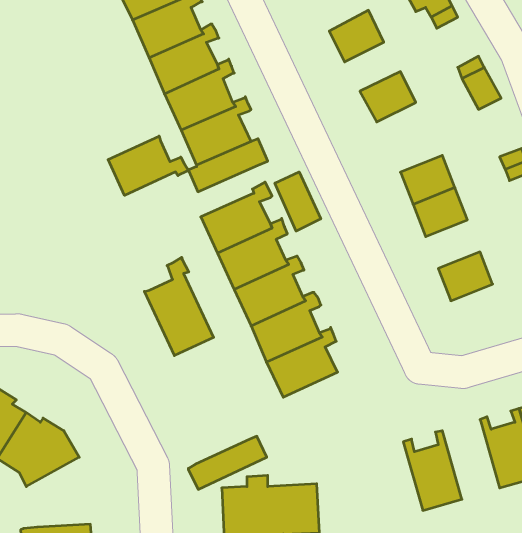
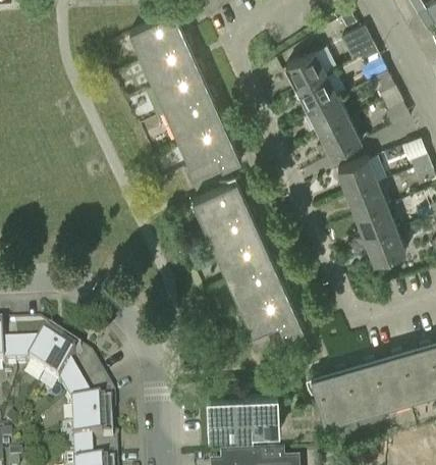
building: none -> [297,77,338,113]
building: none -> [321,121,361,158]
building: [108,136,189,195] -> none
building: [275,172,321,231] -> none
building: none -> [357,207,396,243]
building: [144,257,214,356] -> none
building: none -> [369,353,411,411]
building: [188,436,267,489] -> [248,316,305,355]
building: none -> [307,369,355,428]
building: none -> [65,380,116,431]

